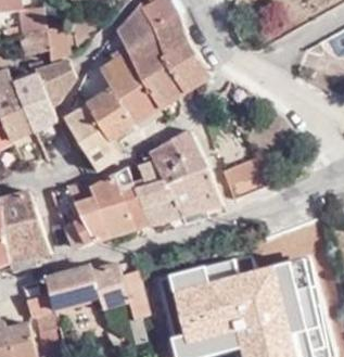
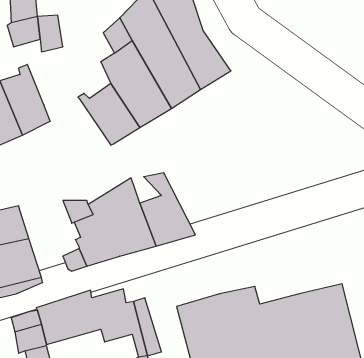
building: [37,58,75,103] -> none
building: [63,98,120,168] -> none
building: [150,131,220,215] -> none
building: [221,157,267,197] -> none

